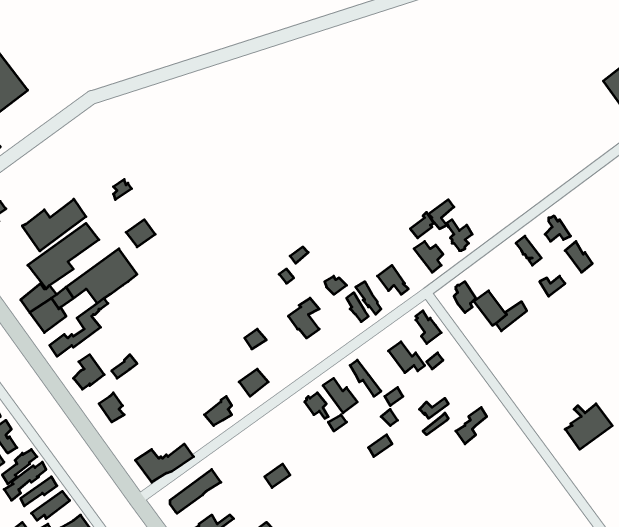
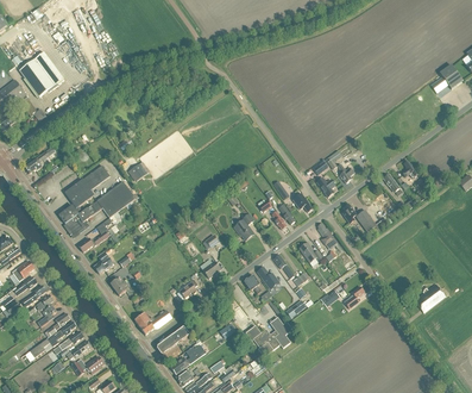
building: [22,199,86,251] -> none
building: none -> [245,316,291,356]

